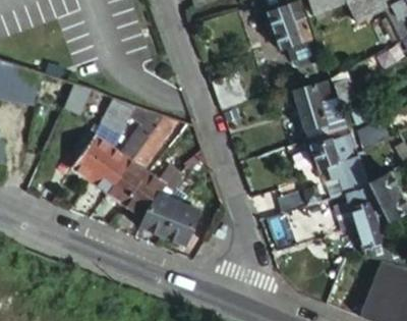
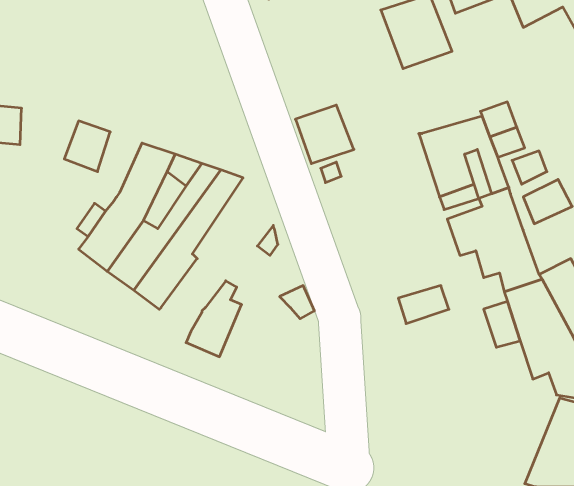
building: [124,167,181,219] -> none
building: [163,198,197,245] -> none

